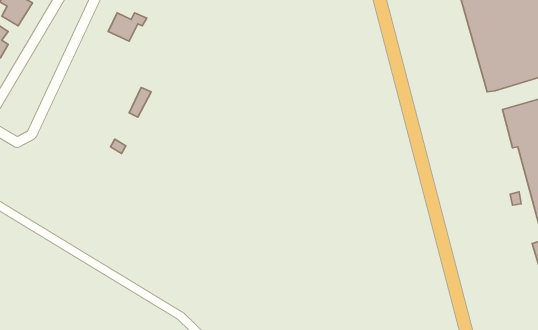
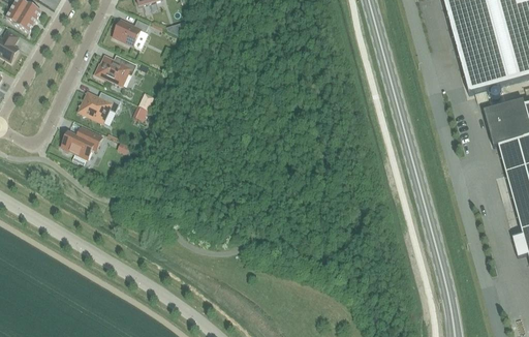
building: none -> [95,55,136,83]
building: none -> [79,91,121,120]
building: none -> [61,125,102,157]

